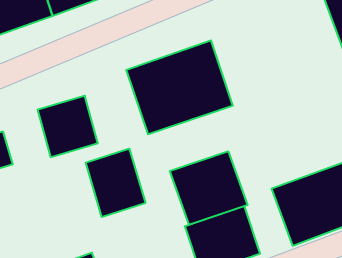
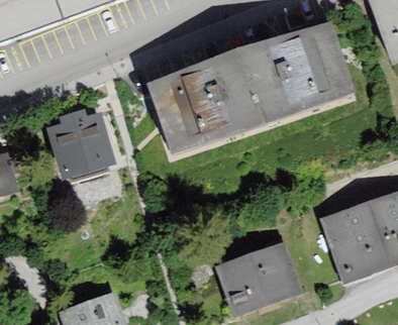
building: none -> [246,19,360,124]
building: [86,149,145,217] -> none
building: [170,151,248,225] -> none

